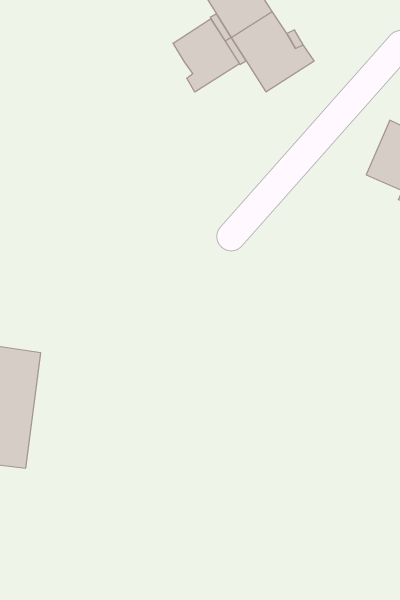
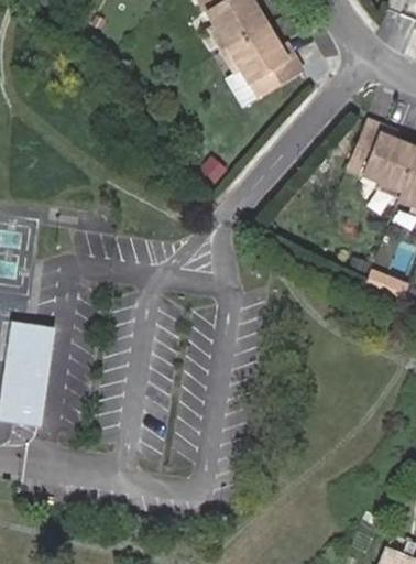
building: [173,19,239,92] -> none

